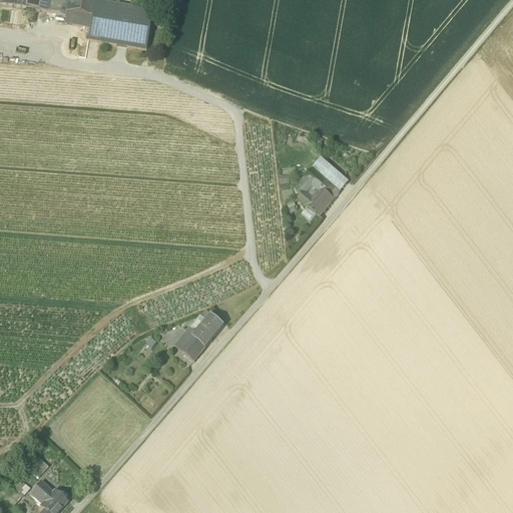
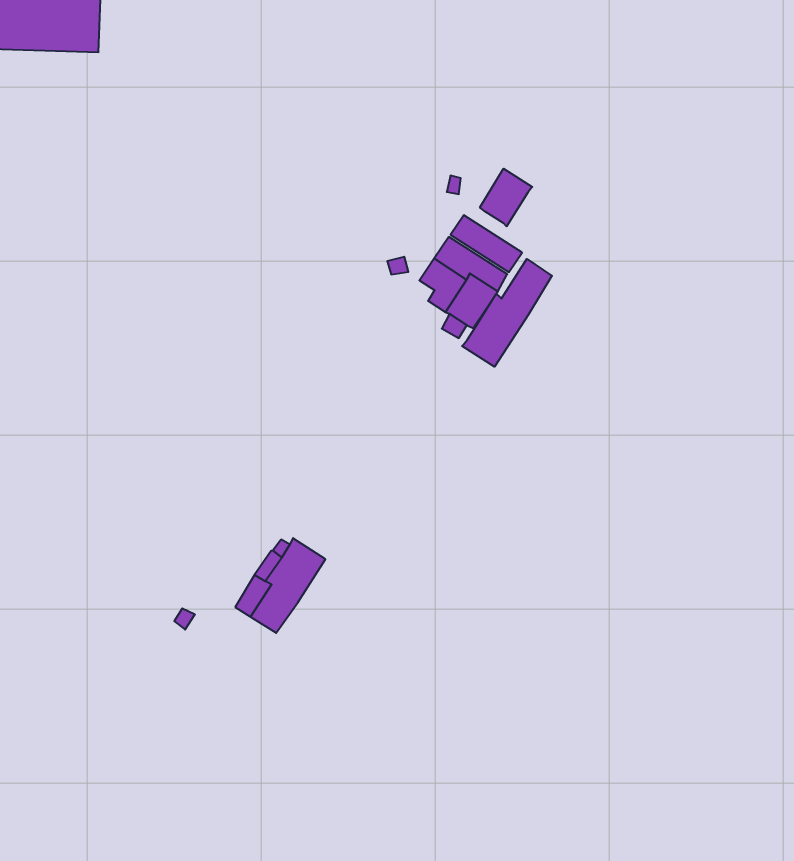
building: none -> [480,169,532,226]
building: none -> [462,259,552,367]

